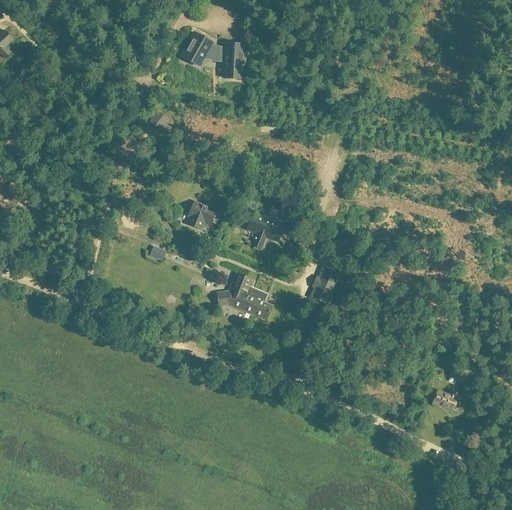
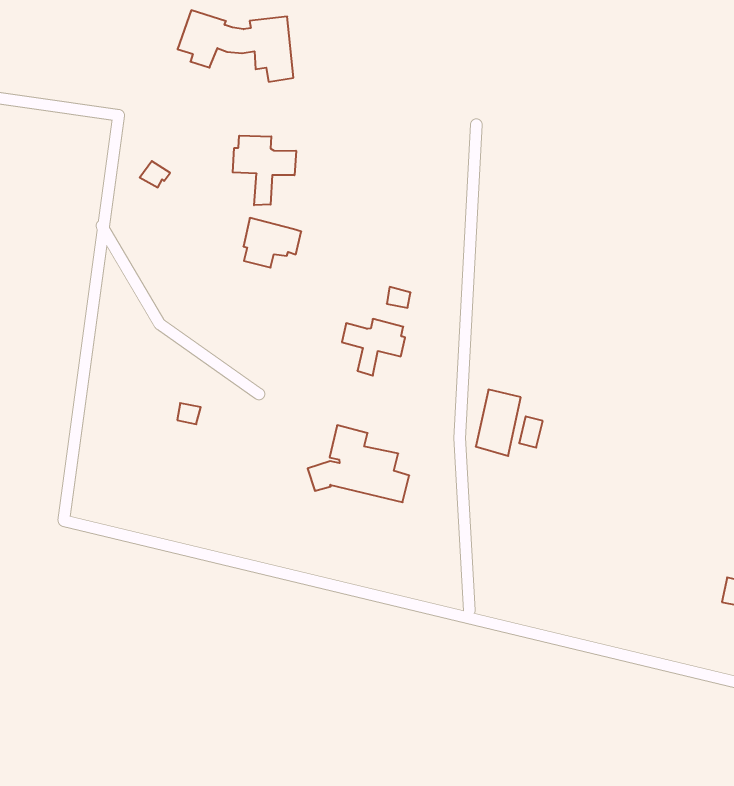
building: none -> [233,136,296,205]
building: [186,201,220,230] -> [243,218,301,268]

